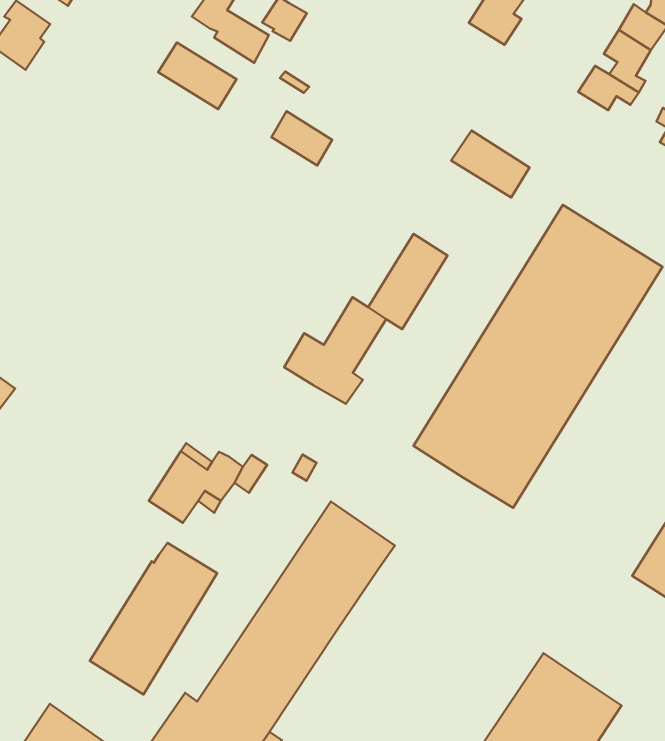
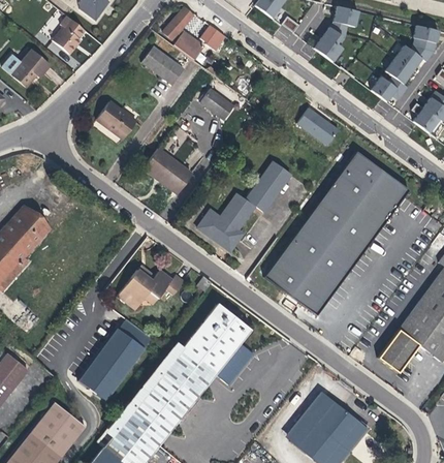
building: none -> [96,101,136,140]
building: none -> [142,149,192,194]
building: none -> [215,343,253,384]

